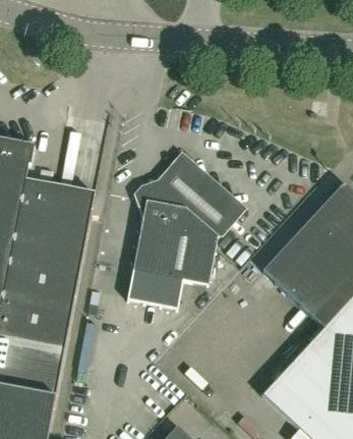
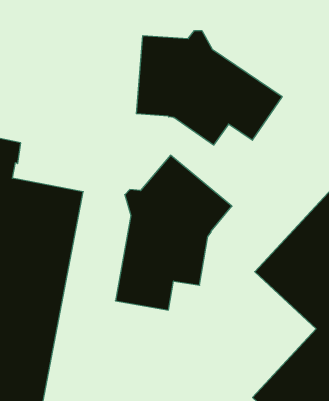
building: none -> [136,31,282,145]

